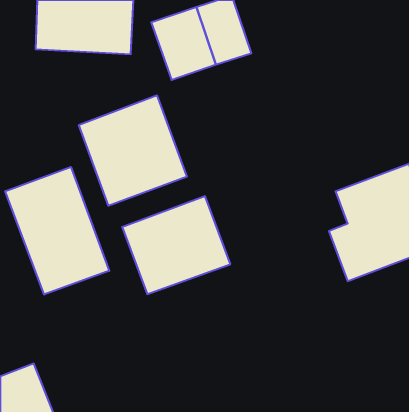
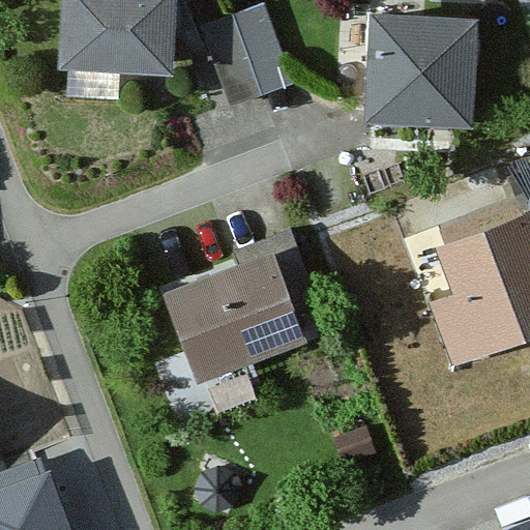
building: none -> [366,16,484,123]
building: [79,95,187,206] -> none
building: [5,167,109,295] -> none

